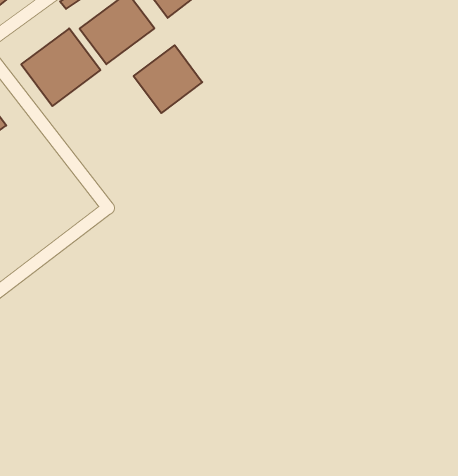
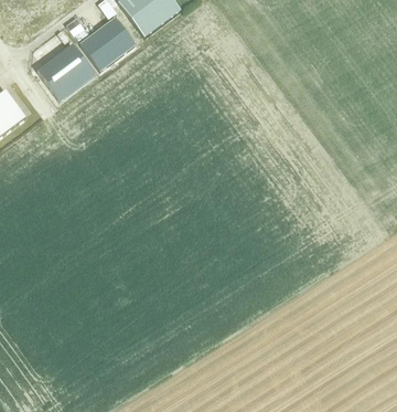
building: [134,45,202,113] -> none

